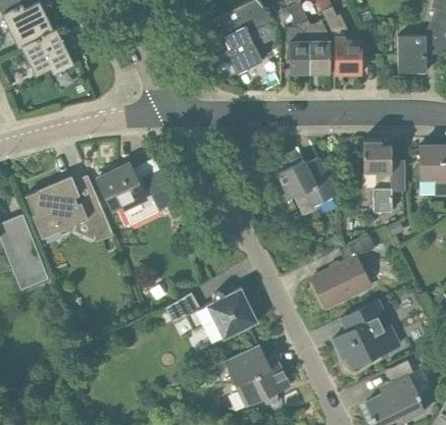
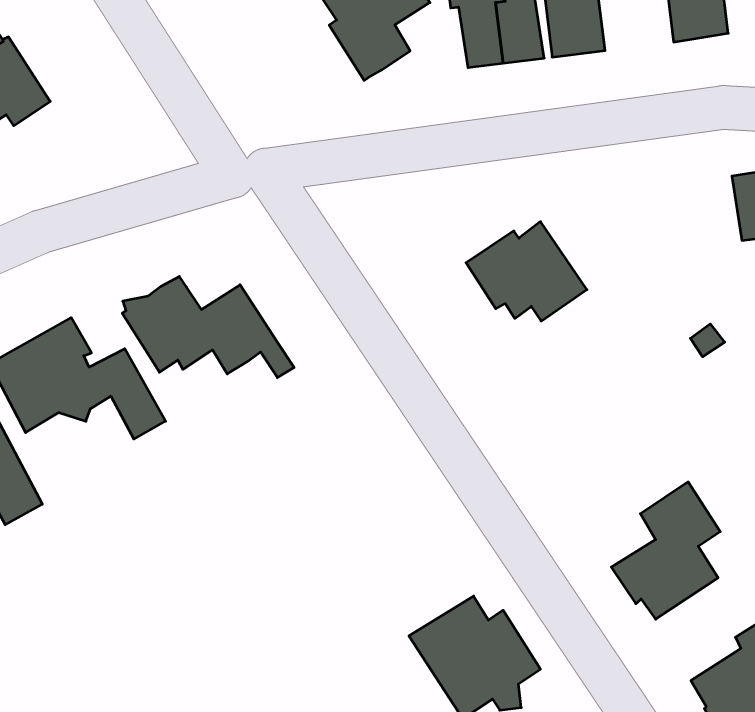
building: [363,140,404,211] -> none
building: [312,235,376,309] -> none
building: [166,287,259,340] -> none

